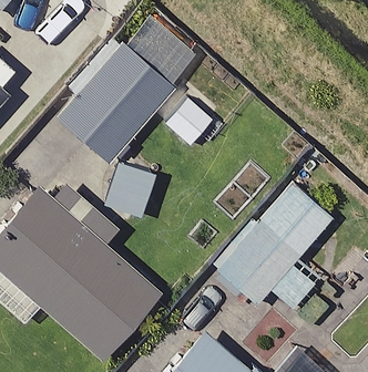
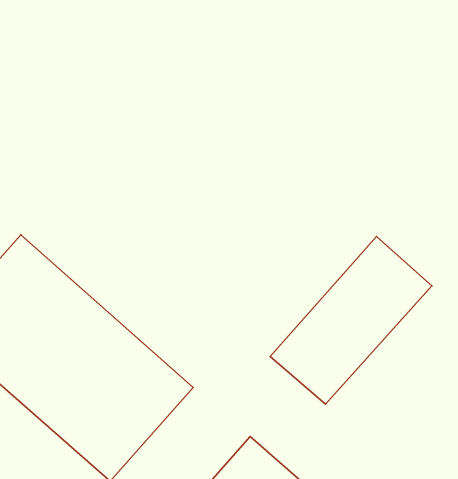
building: [58,43,178,165] -> none

